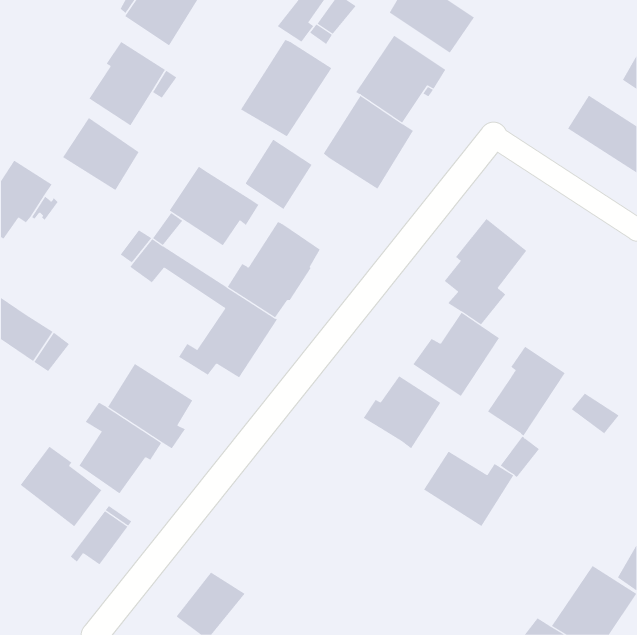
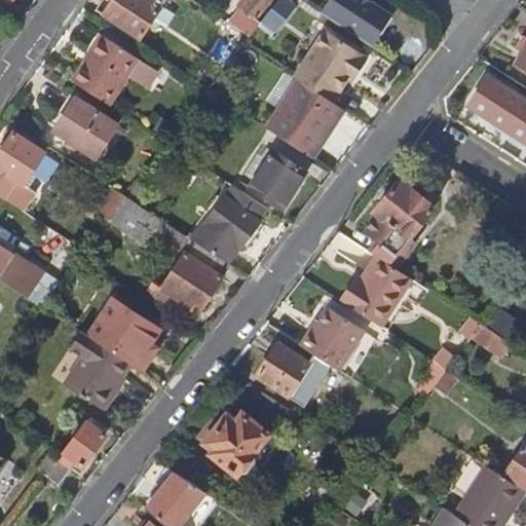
building: [240,39,332,137] -> none
building: [245,139,313,210] -> [251,150,306,209]
building: [169,166,259,246] -> none
building: [487,346,566,436] -> none
building: [20,446,102,527] -> none
building: [423,451,514,527] -> [256,343,331,406]
building: none -> [201,387,285,473]

